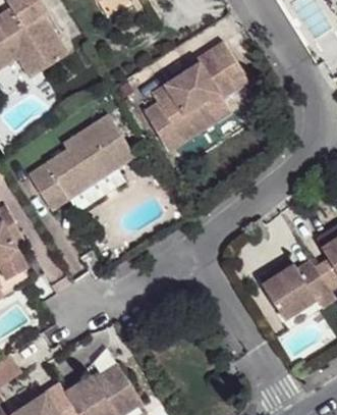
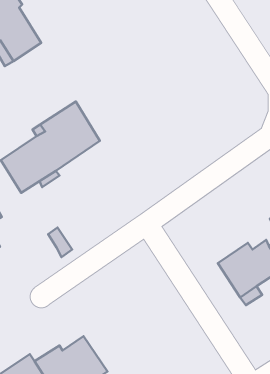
building: [146,40,249,149] -> none

